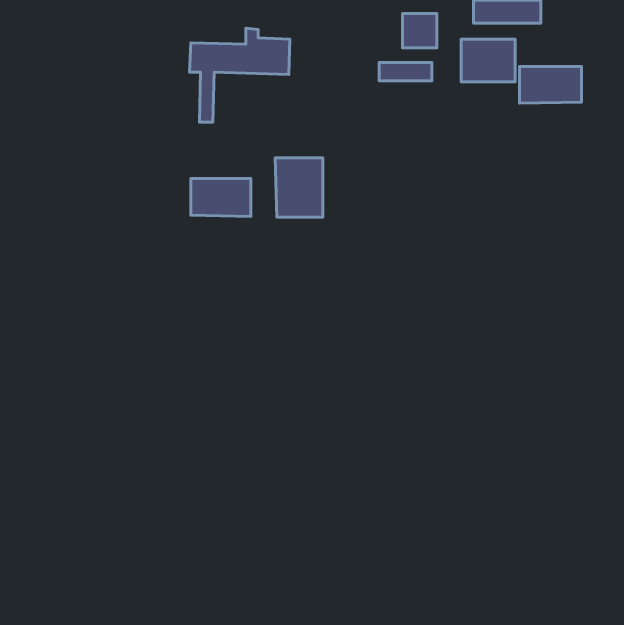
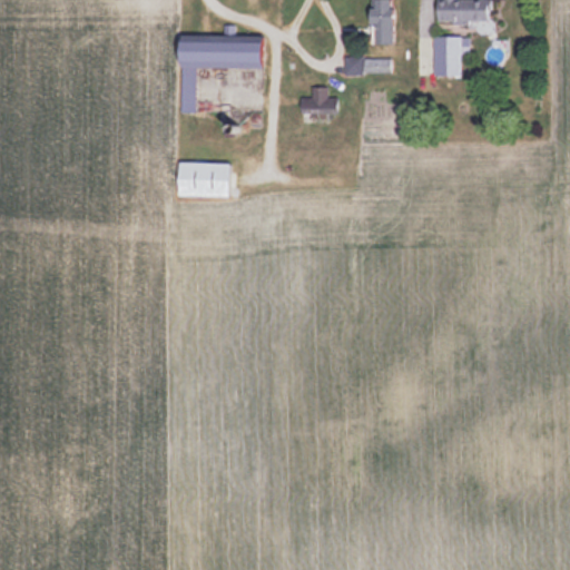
building: [519,66,582,103] -> none
building: none -> [299,87,340,112]
building: [275,158,323,217] -> none

